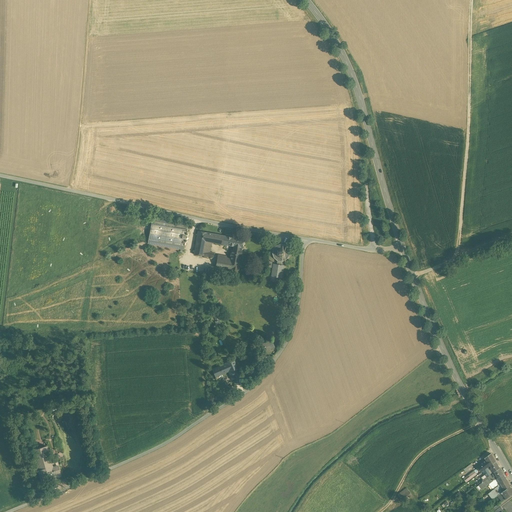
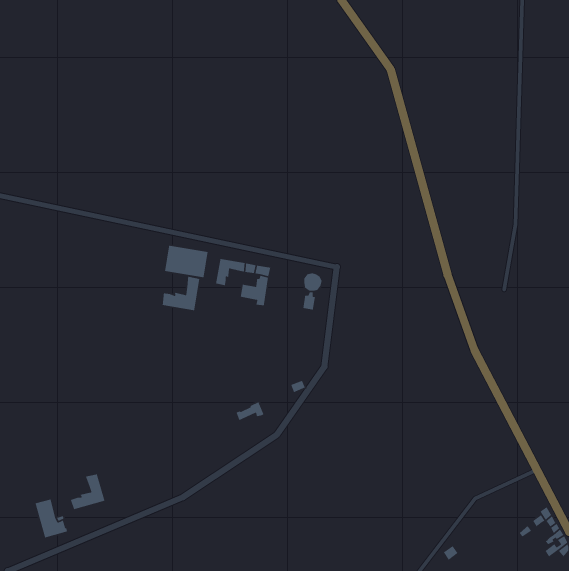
building: none -> [162,276,200,311]
building: none -> [70,473,105,510]

